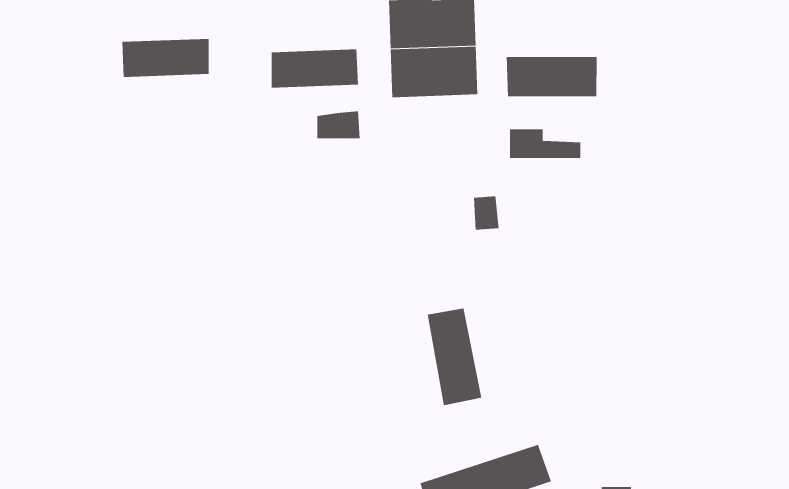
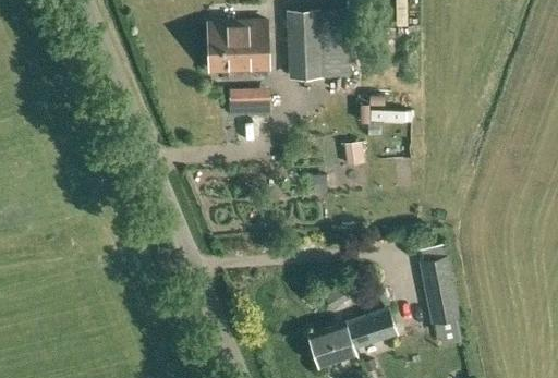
building: [121,38,210,78] -> [207,23,266,49]
building: [506,56,597,97] -> none
building: [427,308,482,406] -> [421,259,458,325]

